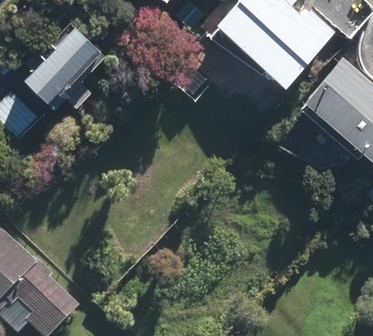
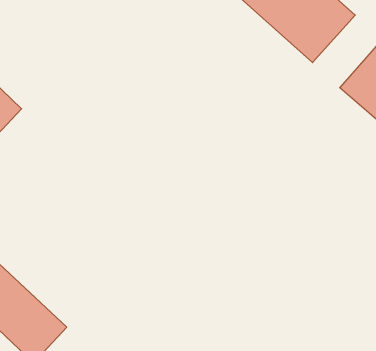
building: [28,30,97,101] -> none

